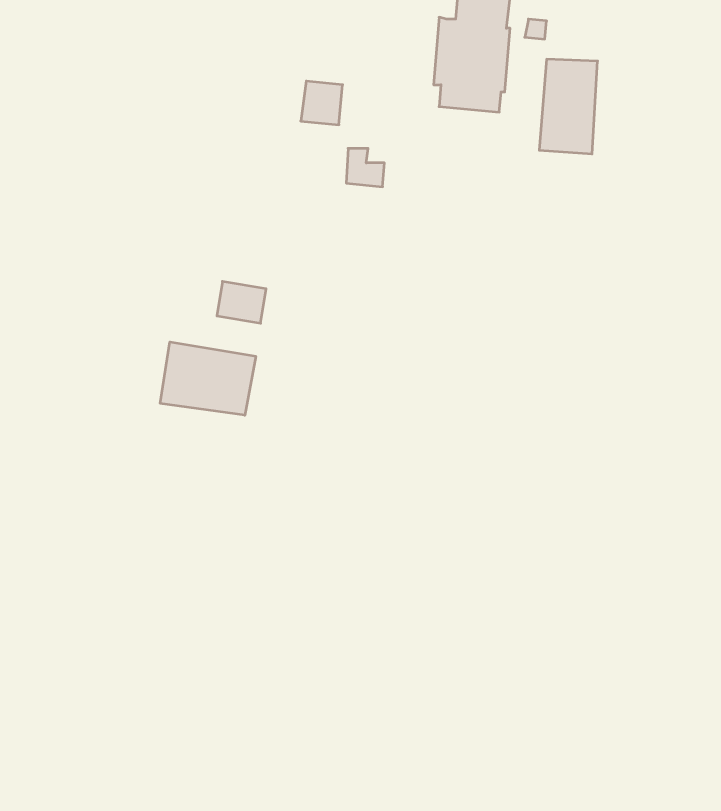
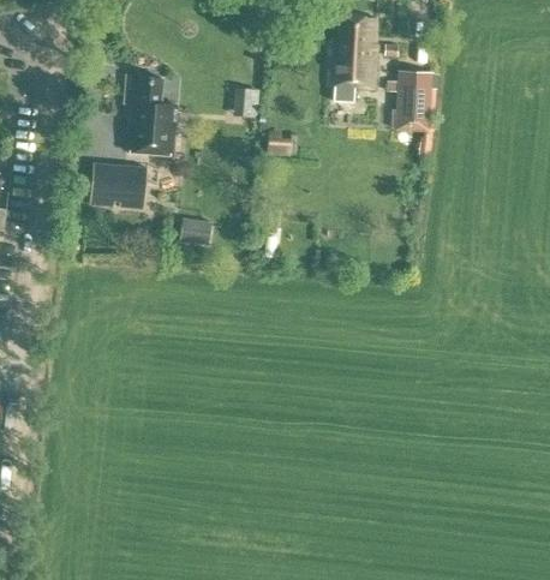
building: none -> [126,77,180,156]
building: none -> [96,166,147,198]
building: [160,342,256,415] -> none

